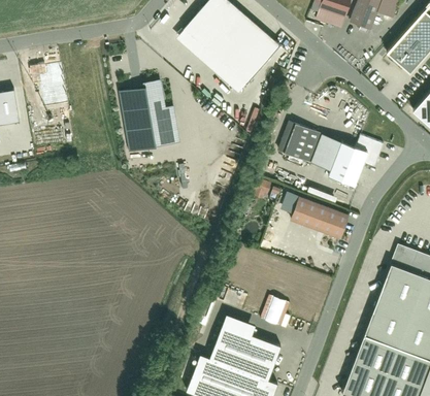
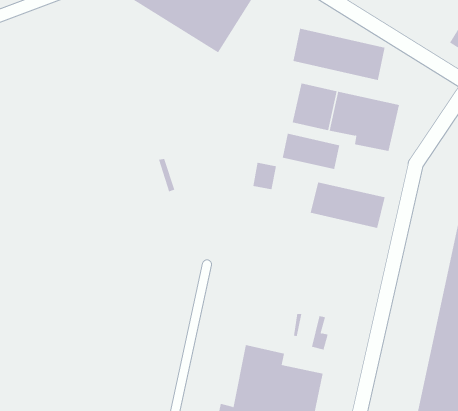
building: [120,79,183,152] -> none
building: none -> [293,28,385,81]
building: none -> [282,133,340,170]

